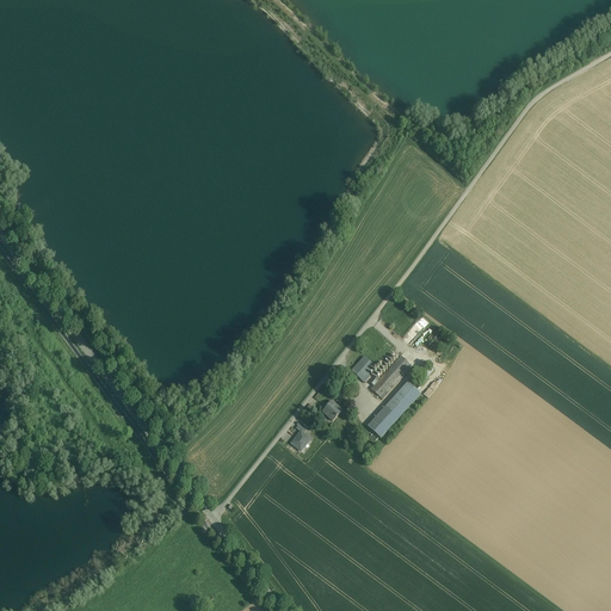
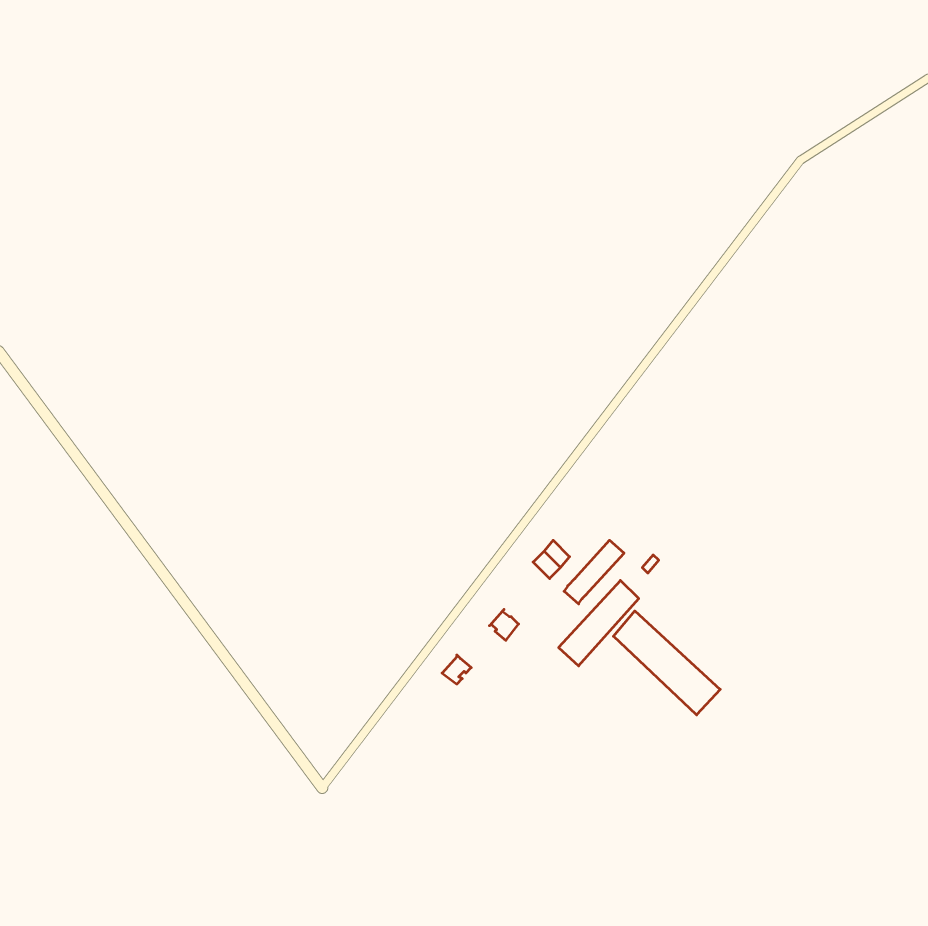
building: none -> [613,611,720,715]

